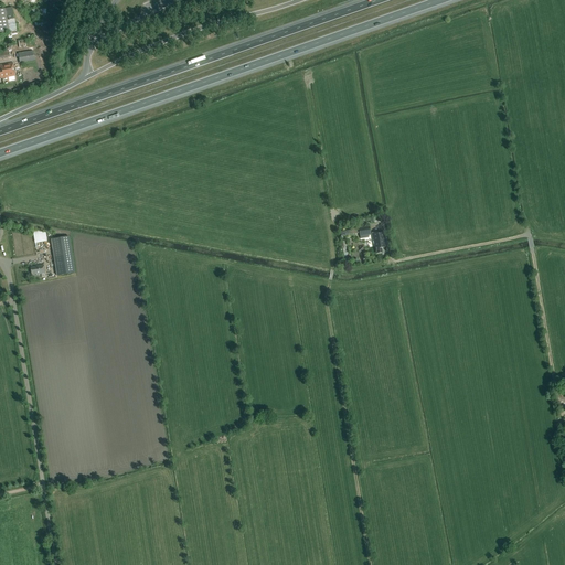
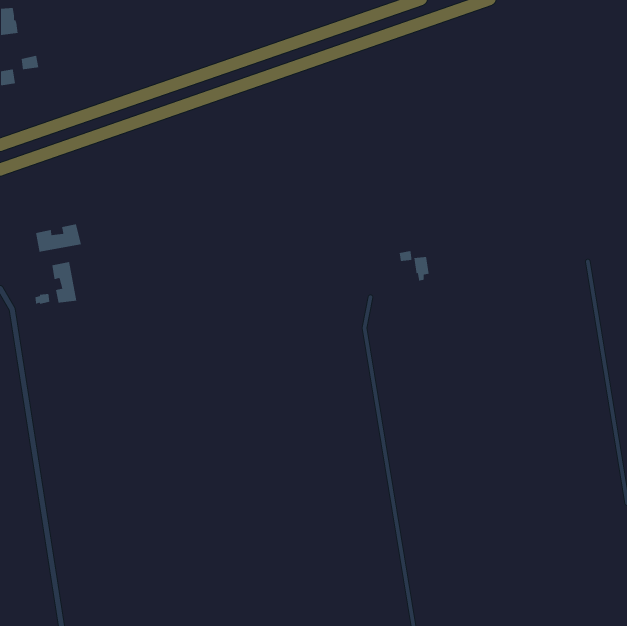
building: none -> [36,224,81,253]

